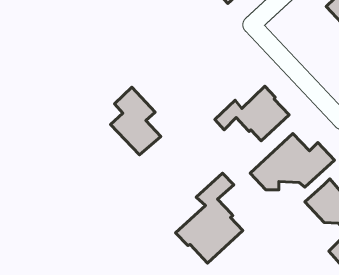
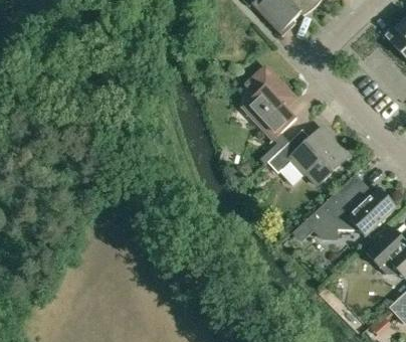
building: [111,87,161,155] -> [241,63,295,137]
building: [176,173,243,263] -> none

